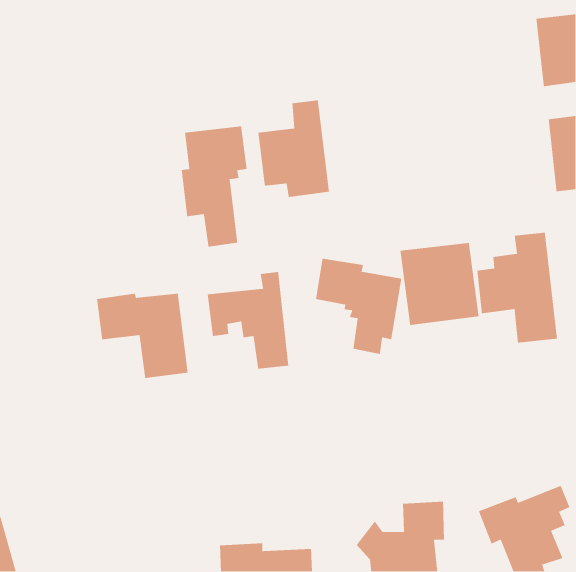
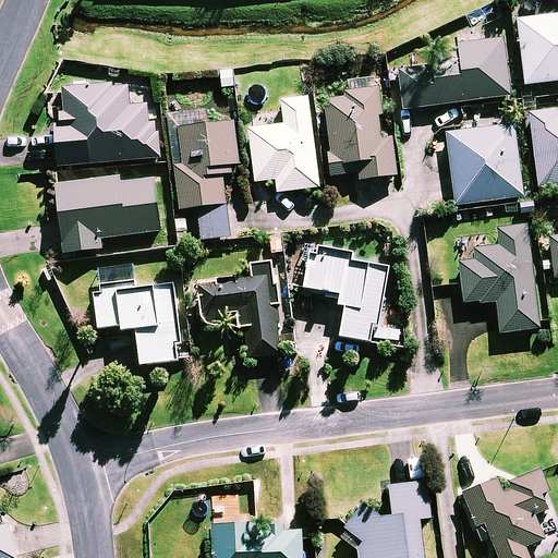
building: none -> [399,37,509,107]
building: none -> [325,77,396,179]
building: none -> [54,84,158,163]
building: none -> [56,177,160,253]
building: [399,242,480,326] -> [446,124,523,205]

